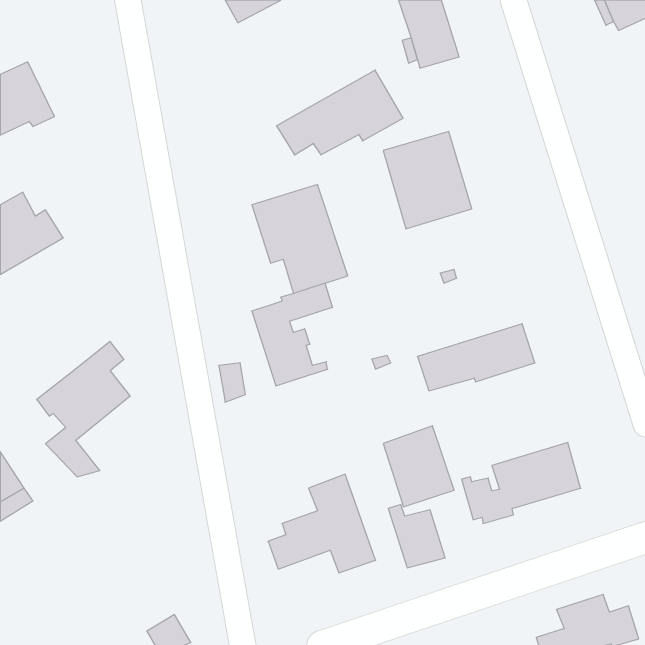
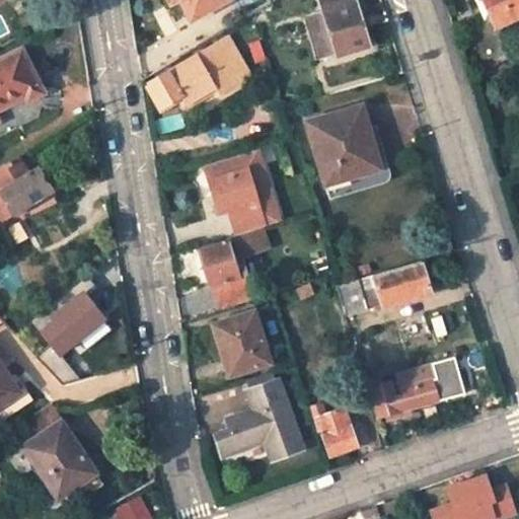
building: [277,70,403,155] -> [148,38,249,105]
building: [383,426,454,507] -> [214,310,271,375]
building: none -> [11,421,104,510]

